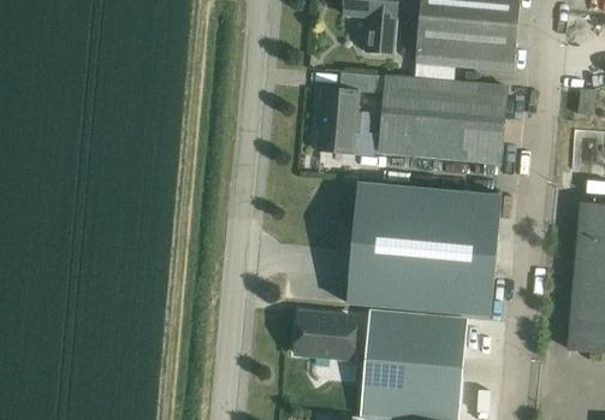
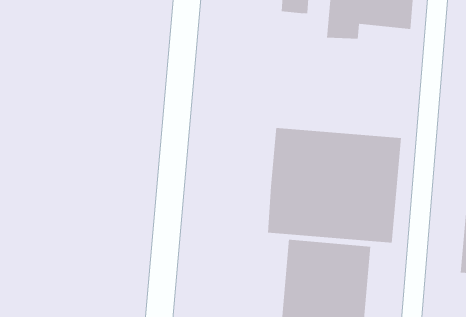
building: [316,72,506,161] -> none
building: [295,309,355,355] -> none

